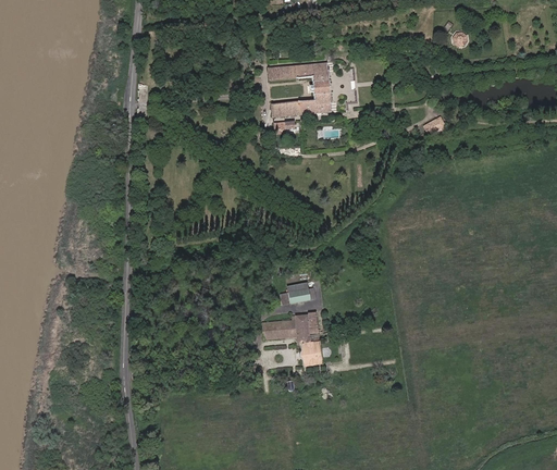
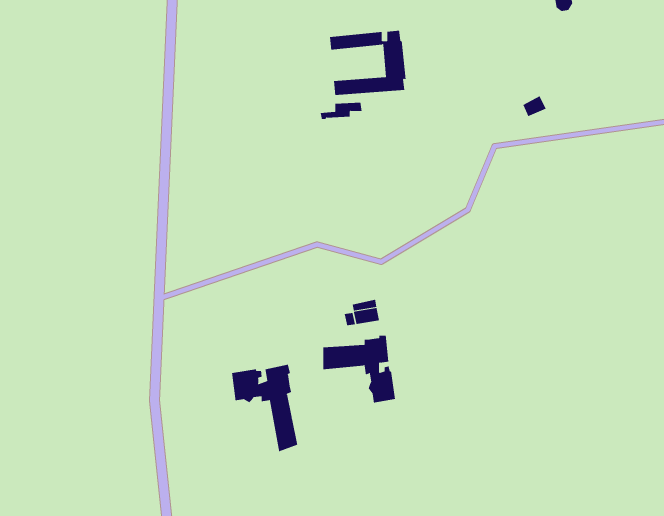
building: none -> [231,364,298,452]

